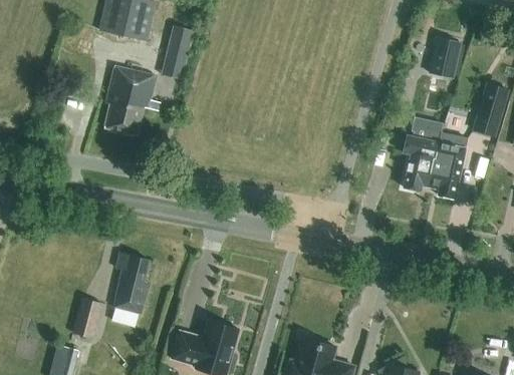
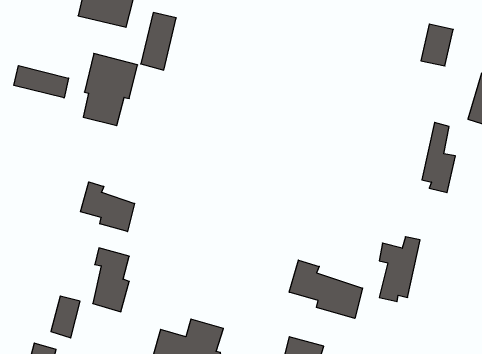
building: none -> [14,66,69,98]
building: [404,128,443,191] -> [379,237,420,302]
building: none -> [80,182,135,232]
building: none -> [289,260,363,318]

